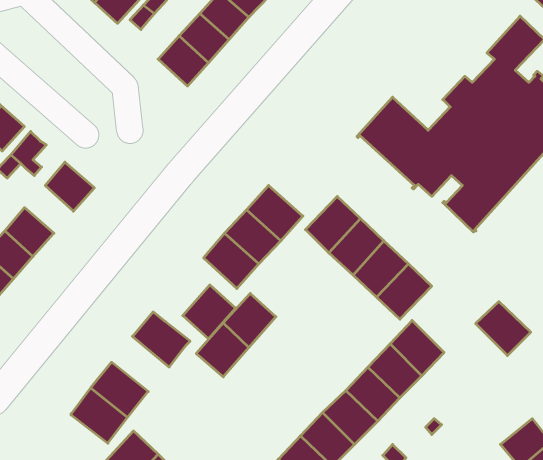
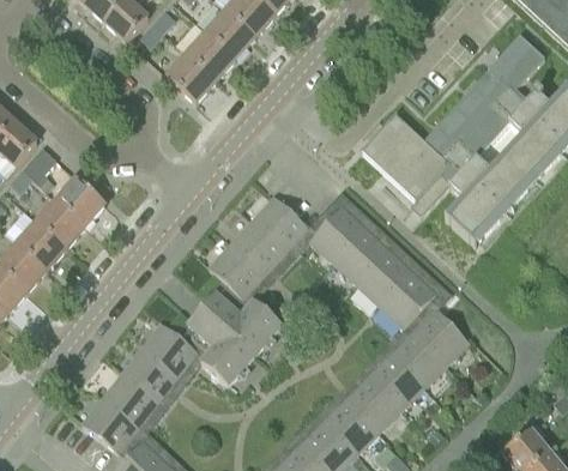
building: none -> [36,199,84,246]
building: [476,302,531,356] -> [415,309,469,362]
building: none -> [121,346,177,400]

